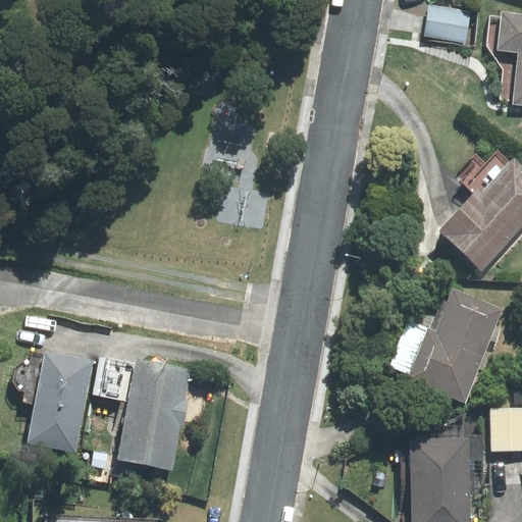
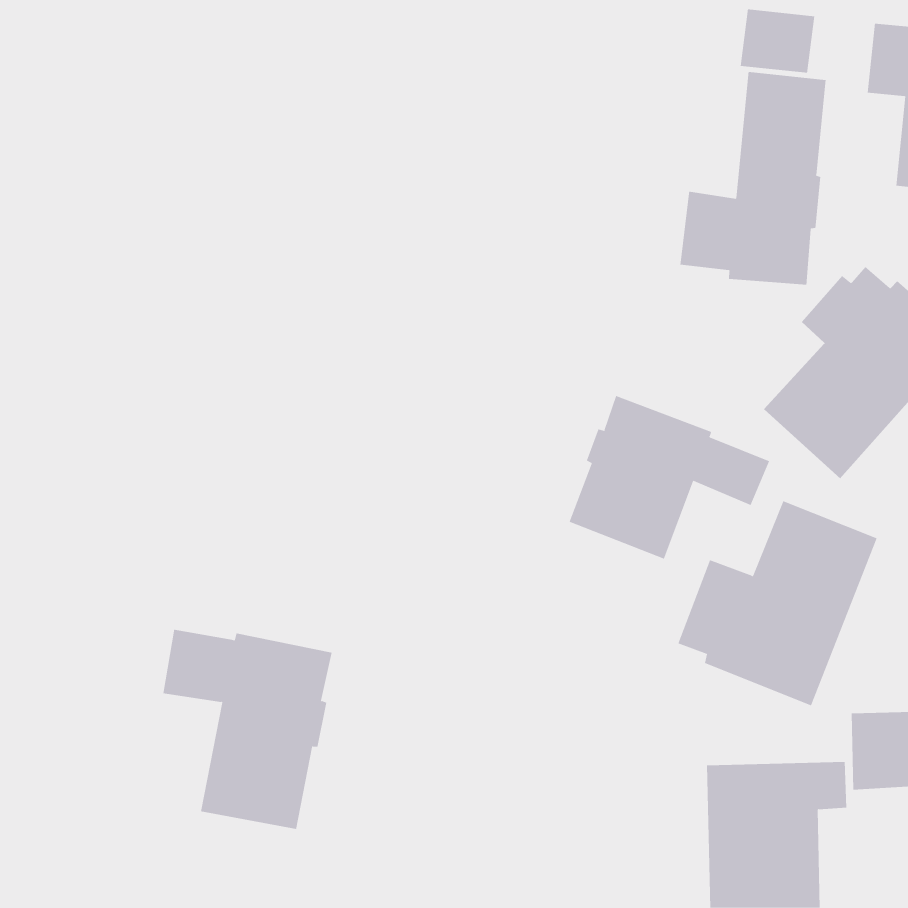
building: none -> [680,71,826,286]
building: none -> [569,395,770,560]
building: [27,355,92,455] -> none

